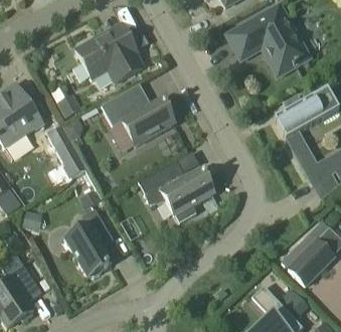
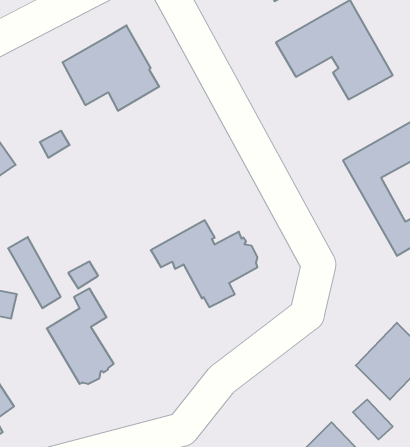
building: [107,99,174,146] -> none
building: [48,127,86,177] -> [8,237,61,308]

